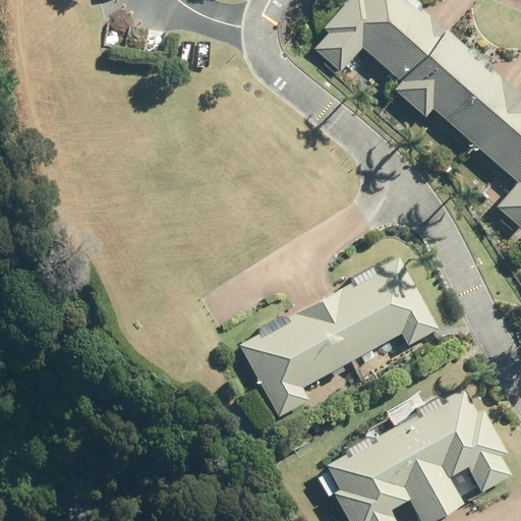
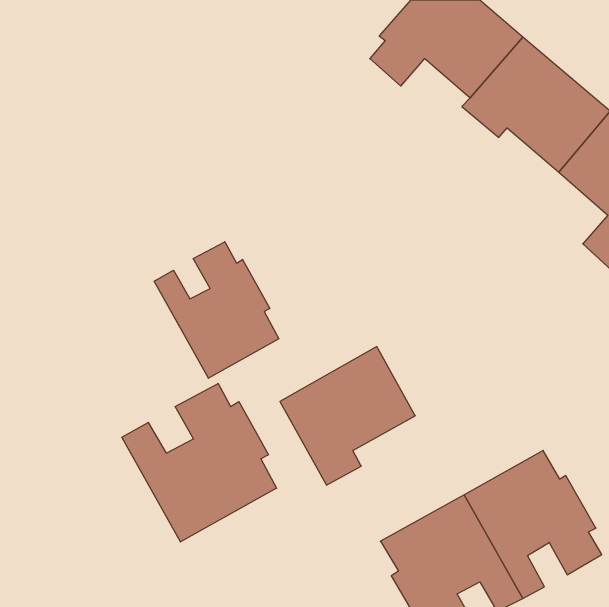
building: none -> [154,242,279,378]
building: [323,255,440,357] -> none
building: none -> [122,383,277,542]

